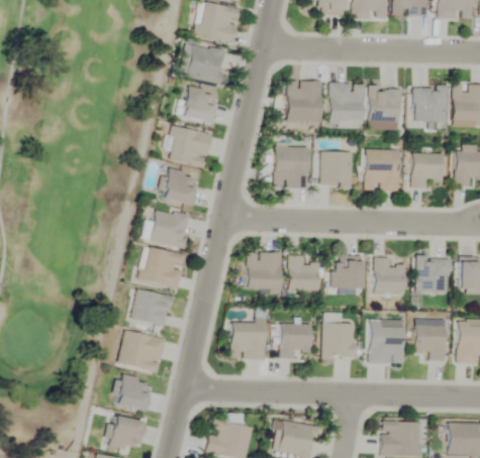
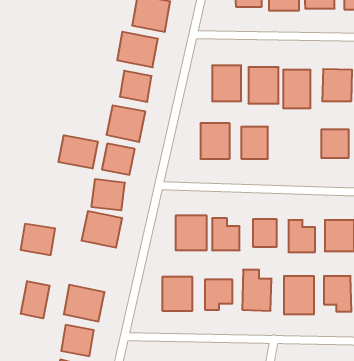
building: [365,150,399,192] -> none
building: none -> [58,135,98,169]
building: [132,291,172,326] -> [21,224,55,255]
building: none -> [21,281,50,318]

